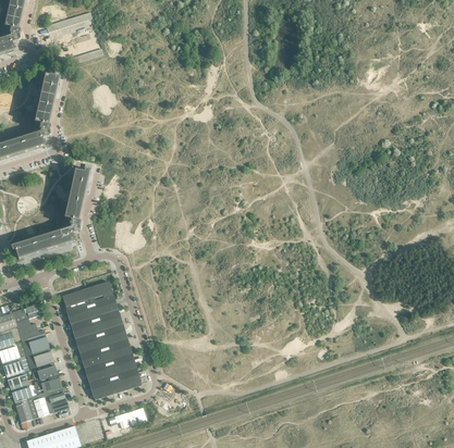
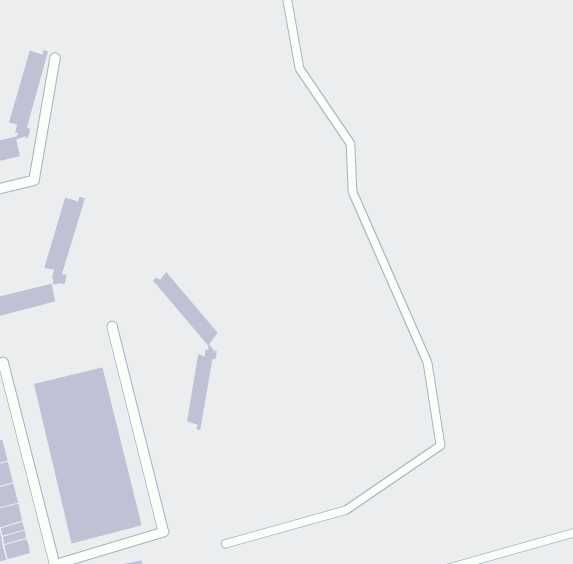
building: none -> [152,271,219,431]

